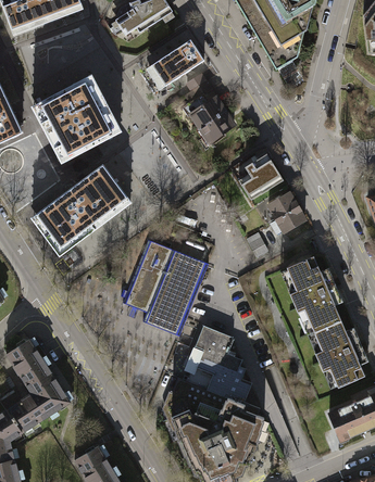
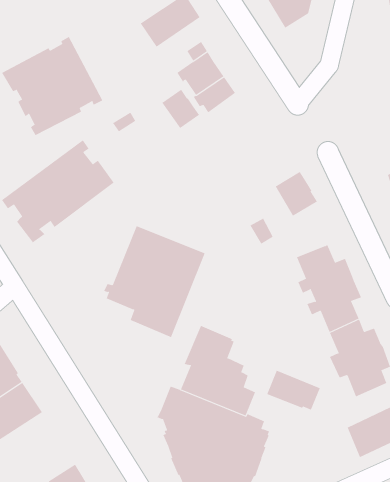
building: none -> [162,89,200,129]
building: [239,154,284,200] -> none
building: none -> [266,370,321,411]

